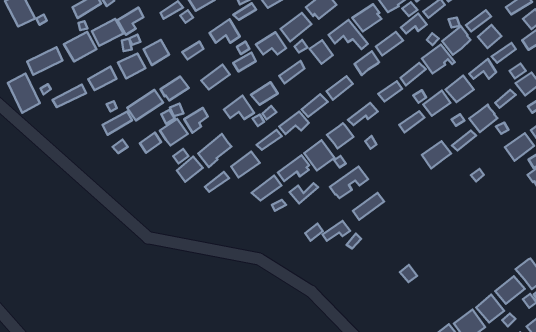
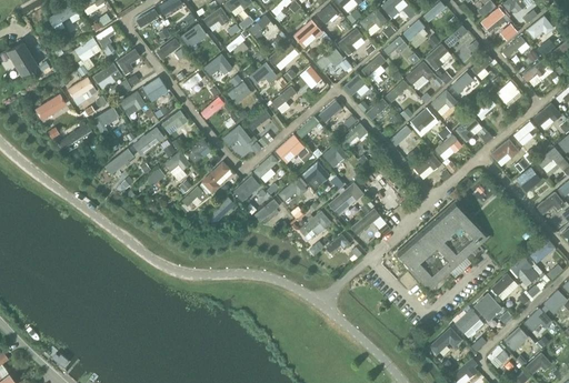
building: [8,73,40,113] -> none
building: none -> [299,211,331,241]
building: none -> [398,204,486,289]

